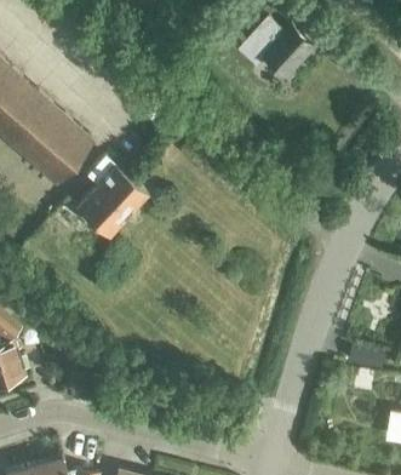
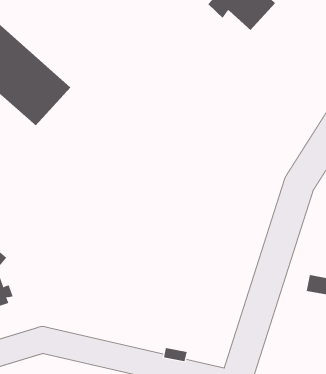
building: [78,156,148,238] -> none

